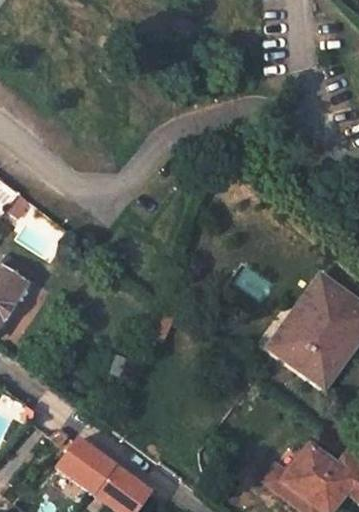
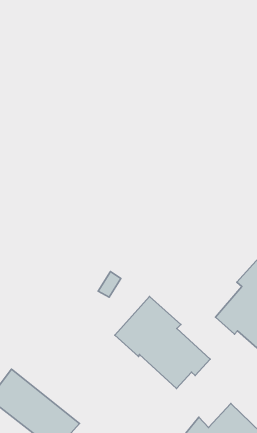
building: none -> [115,296,210,389]

